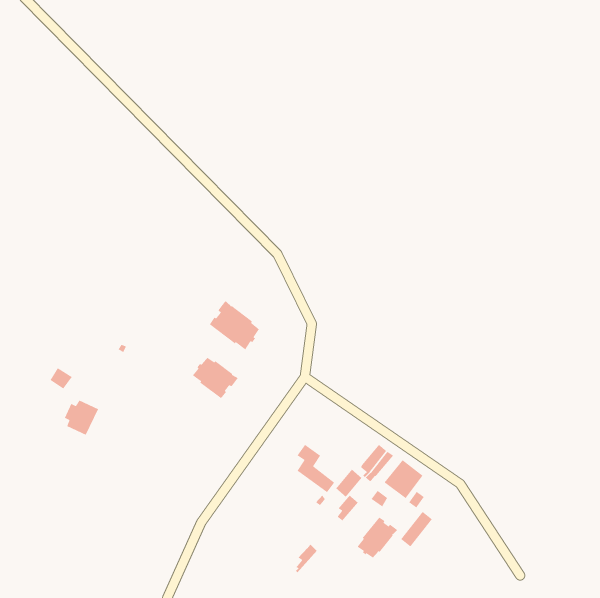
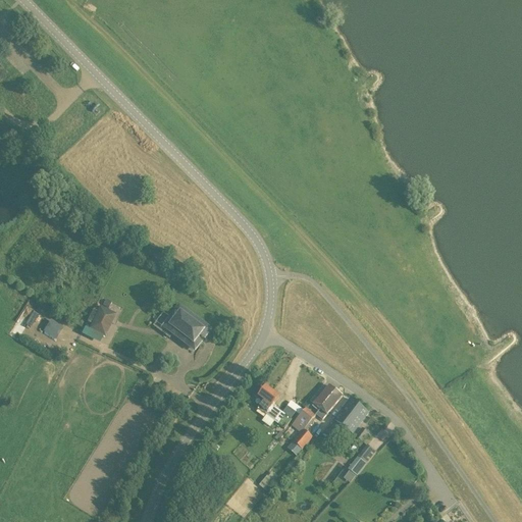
building: [209,300,260,350] -> none
building: [64,399,99,436] -> [86,304,116,335]
building: [356,517,398,559] -> none

